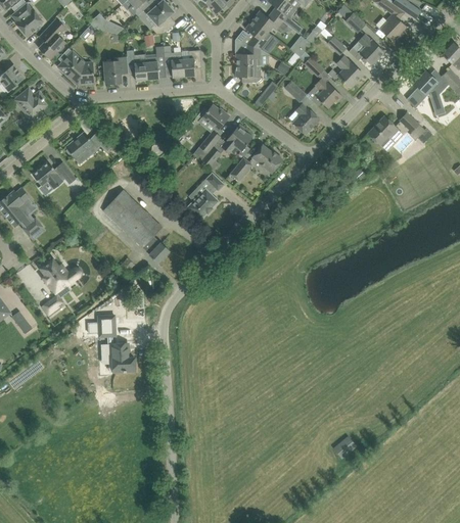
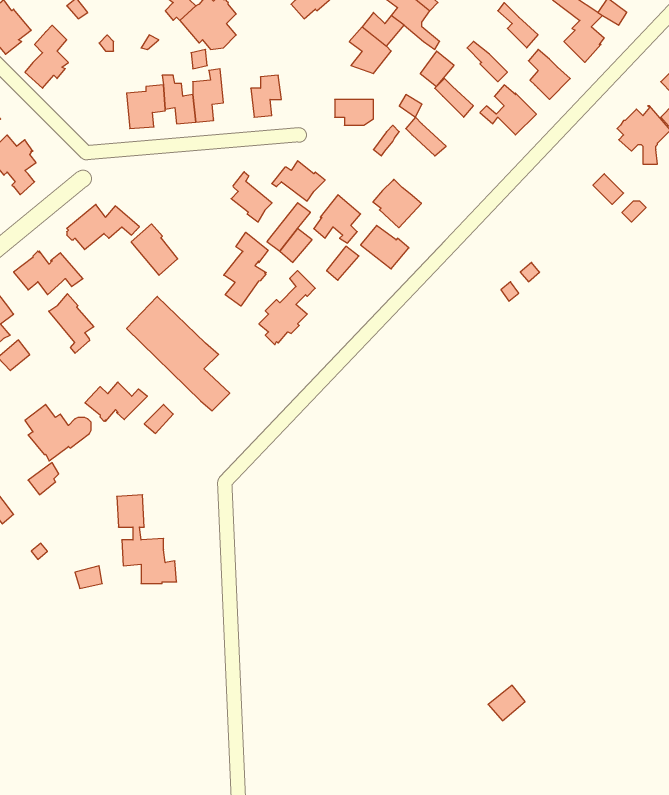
building: [235,44,267,68] -> none
building: [163,46,184,78] -> none
building: [58,48,93,86] -> none
building: [310,79,341,108] -> none
building: [288,103,319,134] -> [373,179,421,228]
building: none -> [231,172,272,222]
building: [367,115,397,150] -> none
building: none -> [131,224,178,275]
building: none -> [224,232,268,306]
building: none -> [49,294,94,353]
building: none -> [85,382,147,421]

